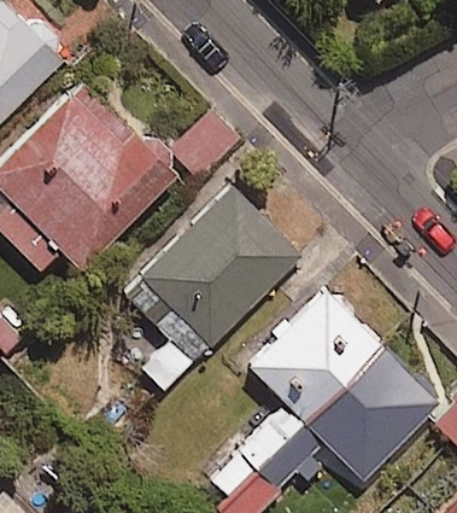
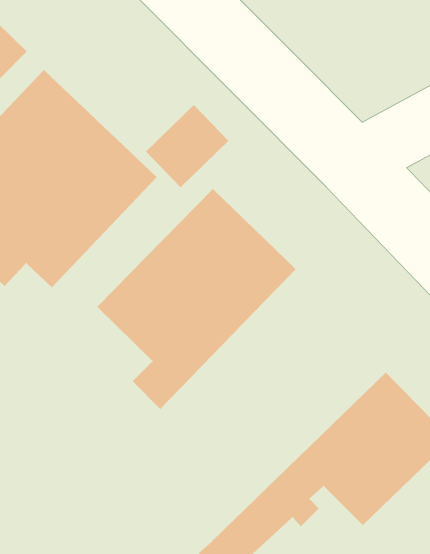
building: [205,286,382,496] -> none

